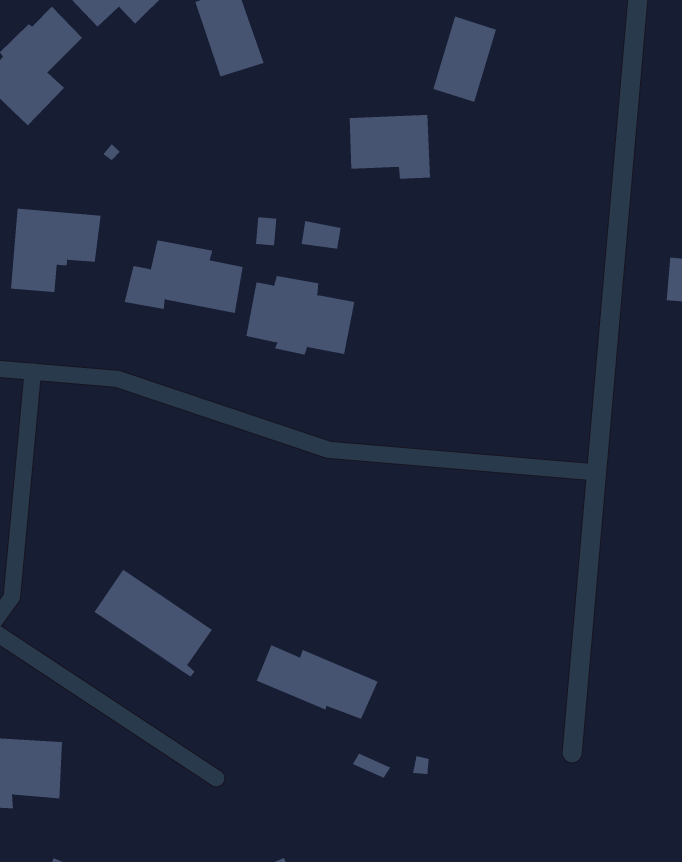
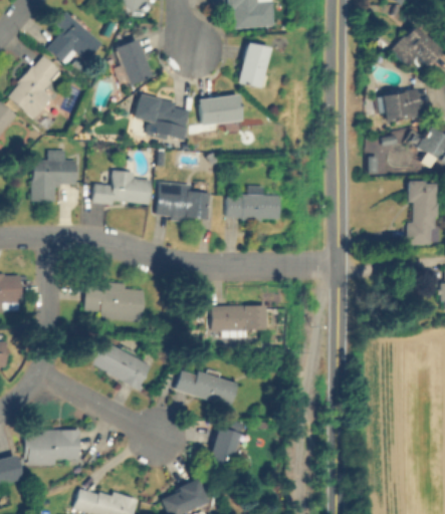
building: none -> [135,94,191,142]
building: none -> [227,187,279,222]
building: none -> [86,283,145,321]
building: none -> [211,305,266,331]
building: none -> [207,432,238,471]

